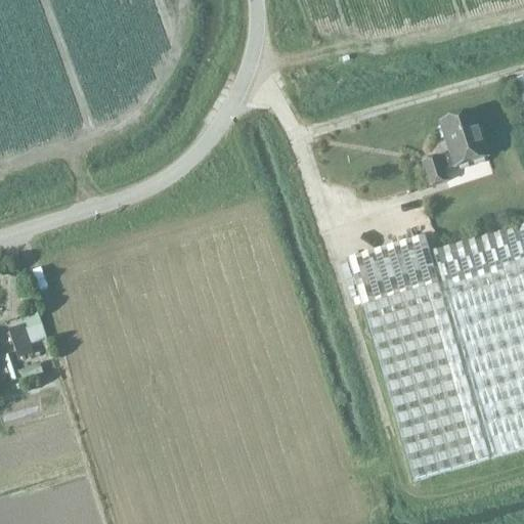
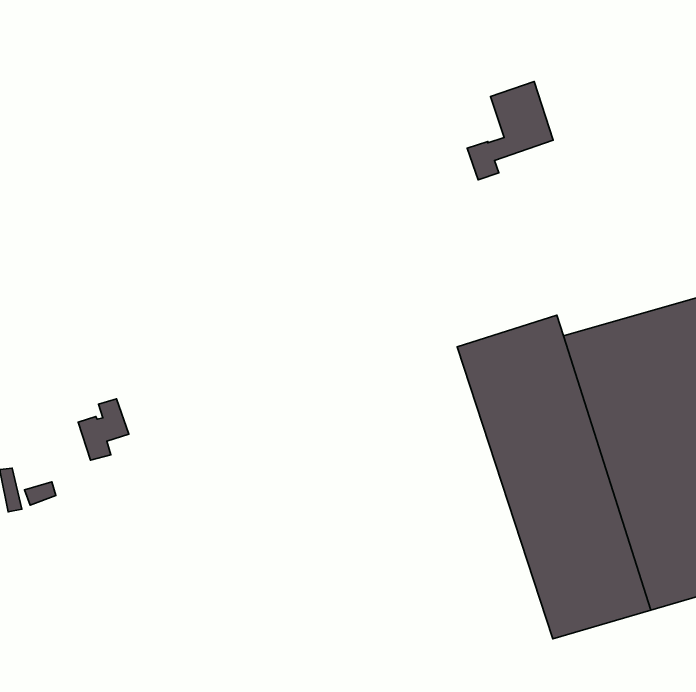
building: [426,110,490,183] -> [467,81,553,180]
building: [9,310,47,356] -> [78,399,129,460]

